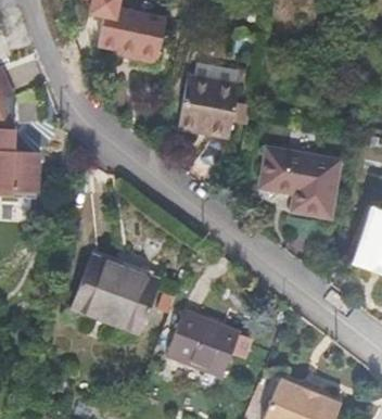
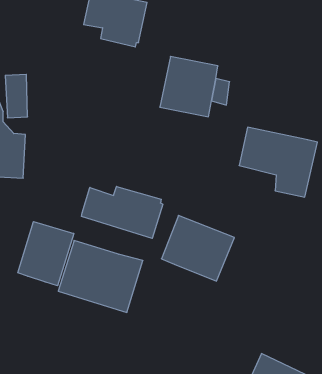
building: none -> [81,186,163,238]
building: none -> [18,222,74,286]
building: [165,309,240,377] -> [161,215,234,281]

